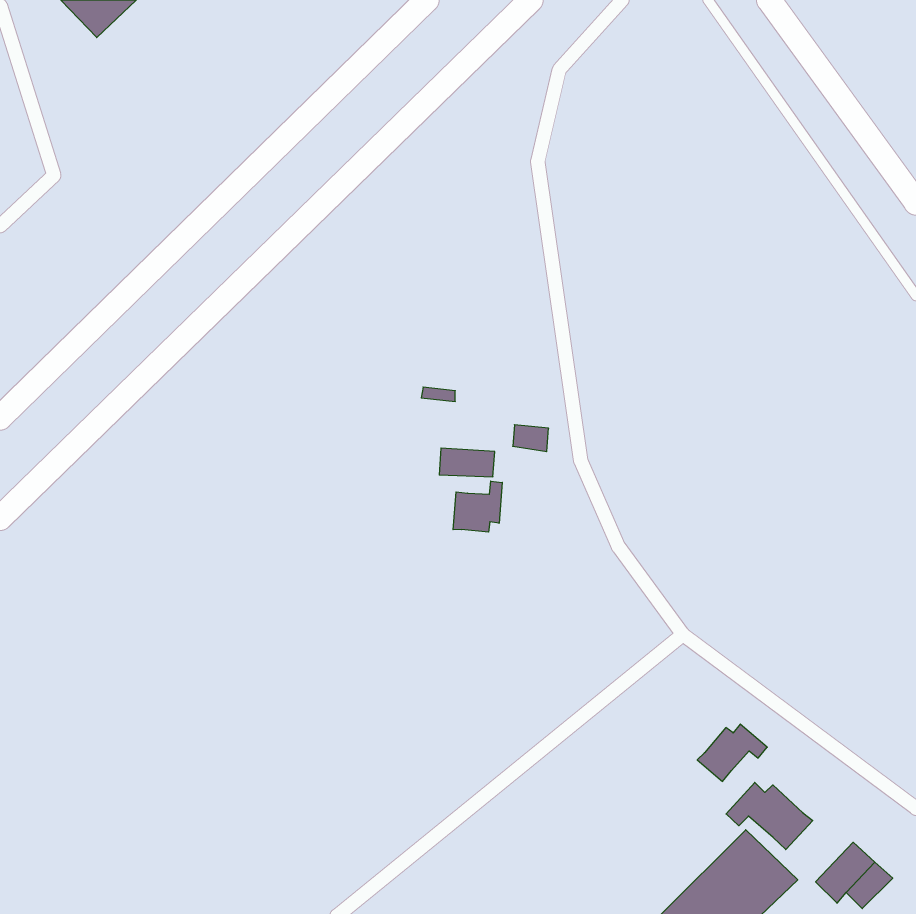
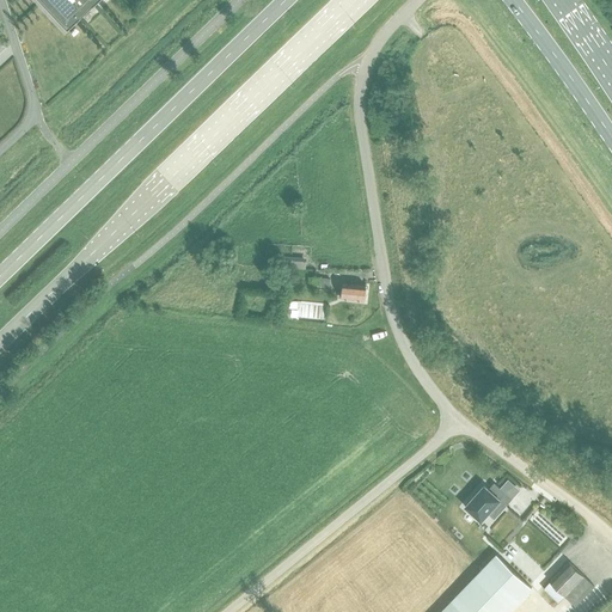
building: [453,481,502,532] -> none
building: [726,782,813,850] -> none

